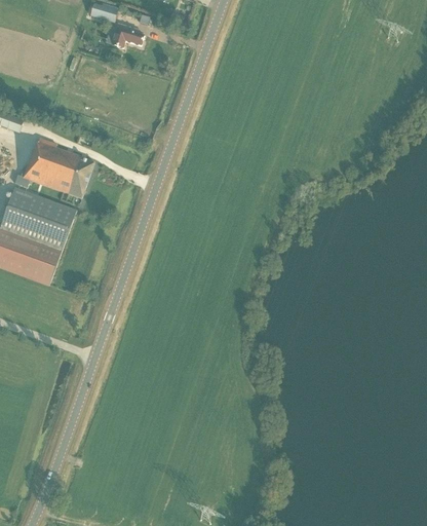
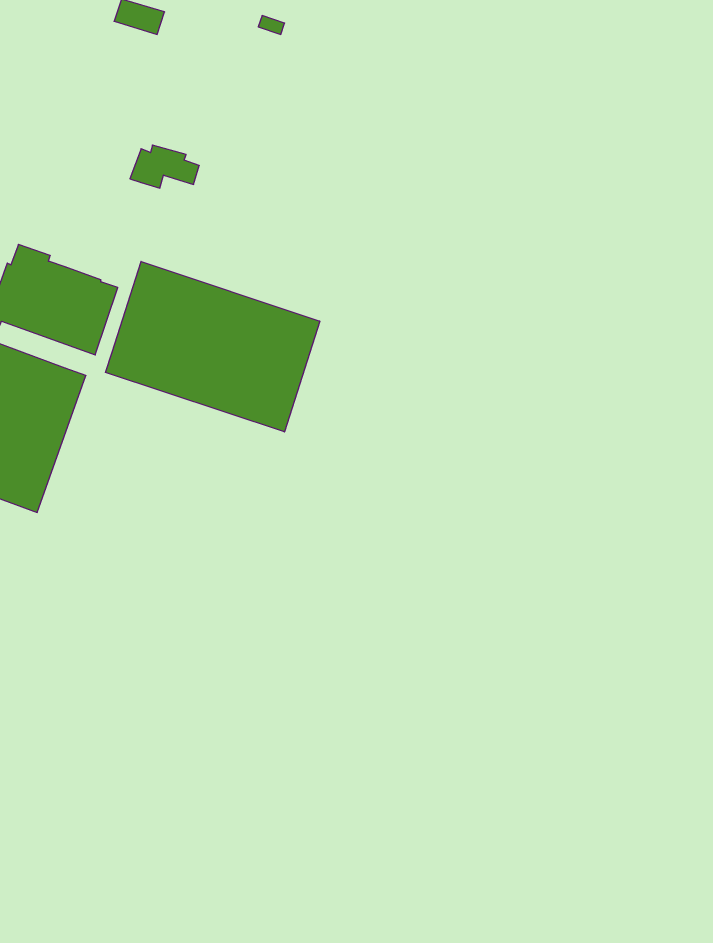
building: [105,24,143,47] -> [130,145,199,188]
building: none -> [106,261,320,432]

